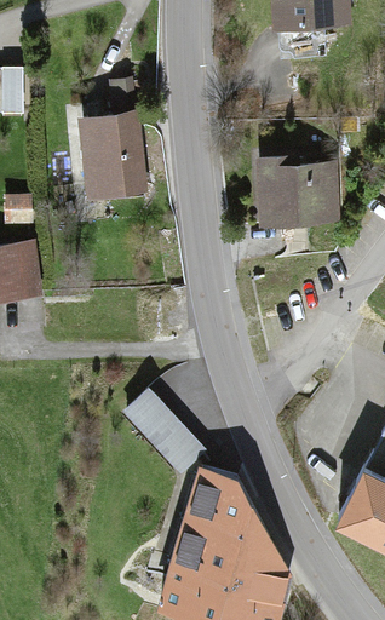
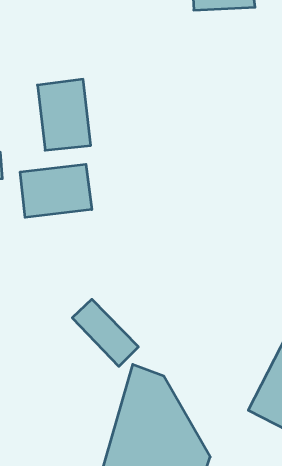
building: [257,163,335,222] -> none
building: none -> [20,164,92,217]

